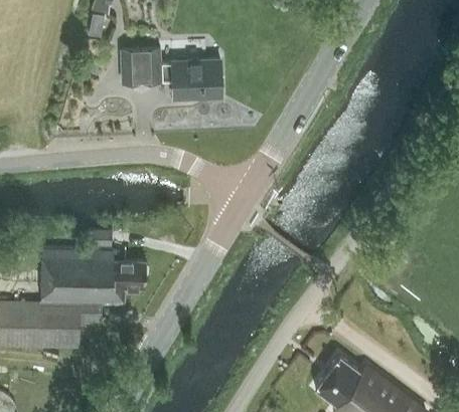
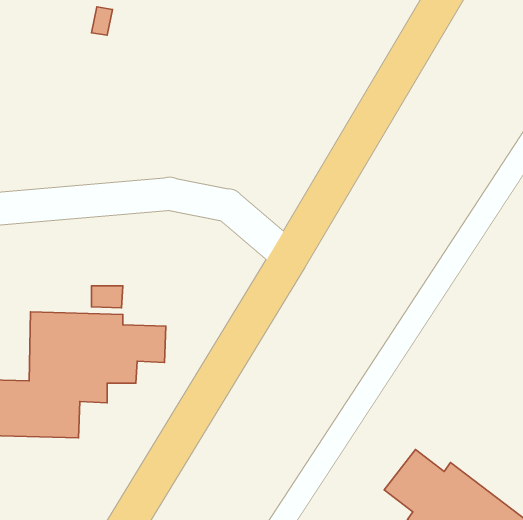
building: [120,49,222,99] -> none

